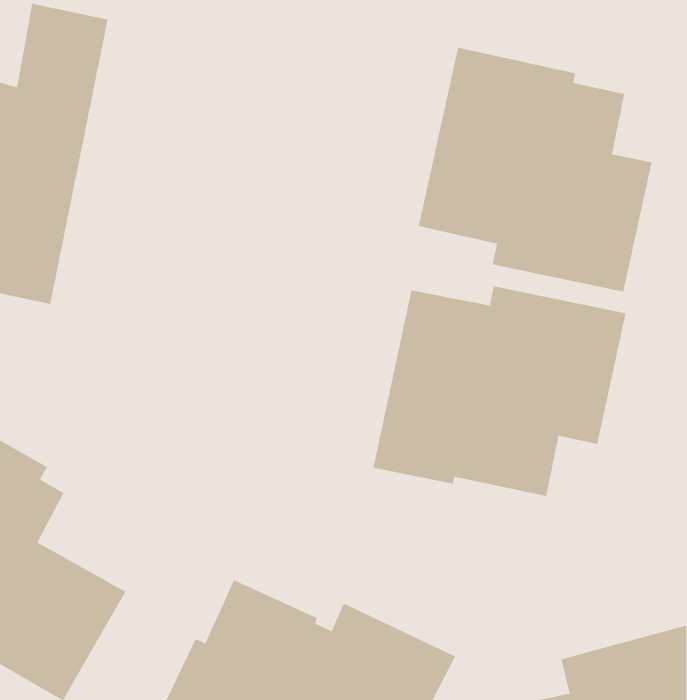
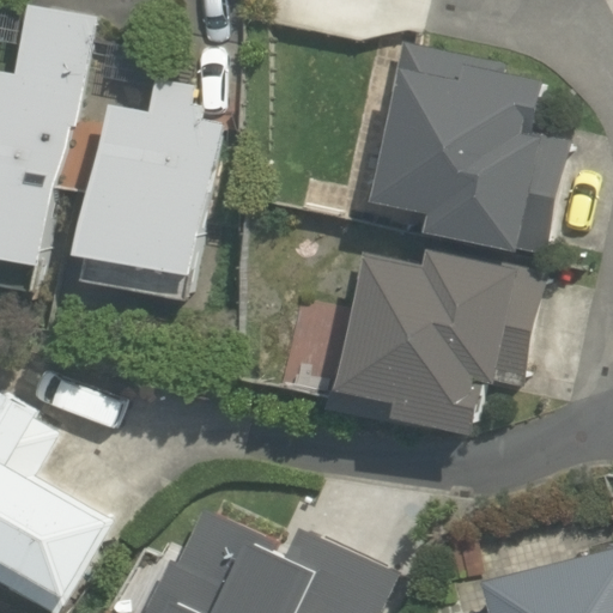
building: none -> [80,80,223,303]

